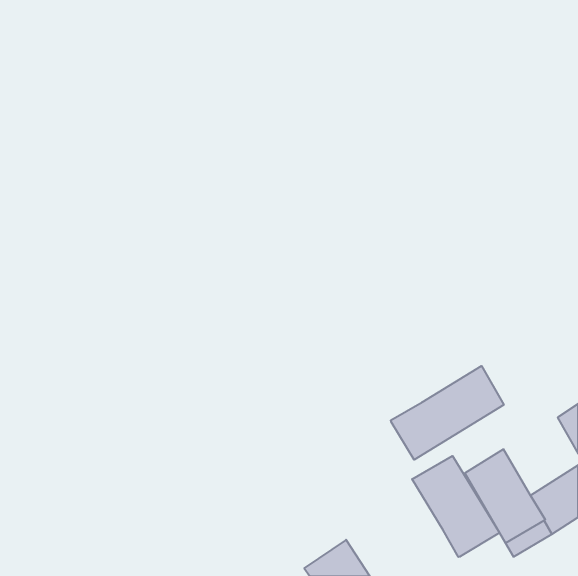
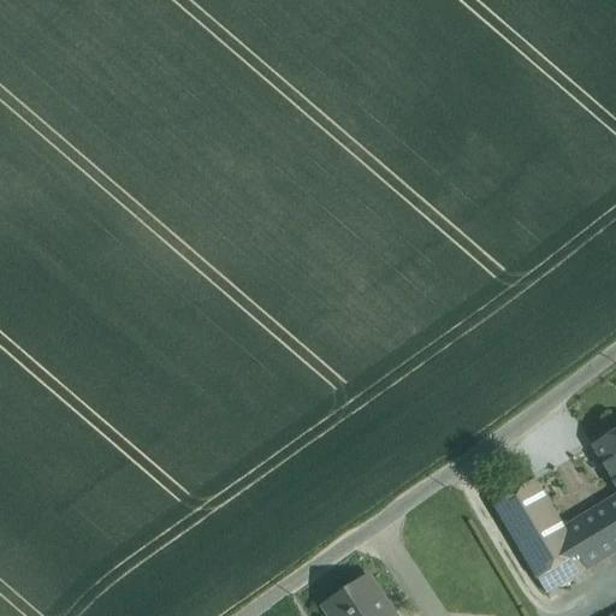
building: [391,366,504,460] -> none
building: [412,456,500,557] -> none

